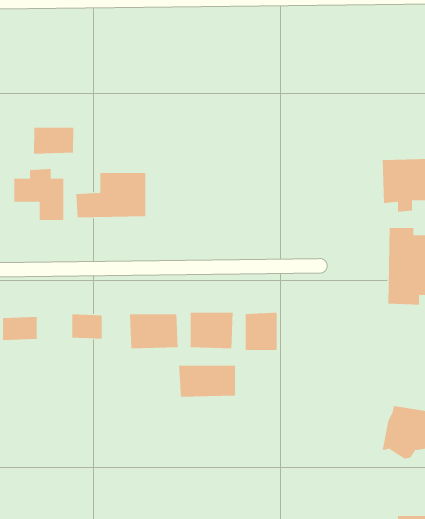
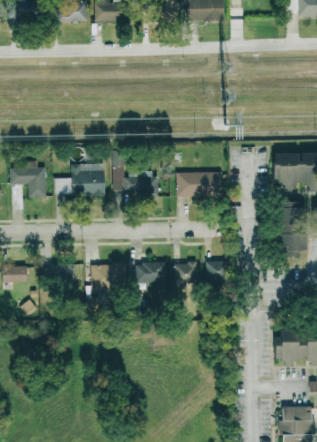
building: [33,127,74,154] -> none
building: none -> [113,151,157,195]
building: none -> [177,171,223,197]
building: none -> [206,261,227,282]
building: [179,365,235,398] -> none

